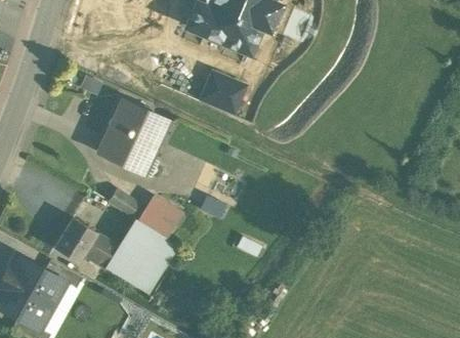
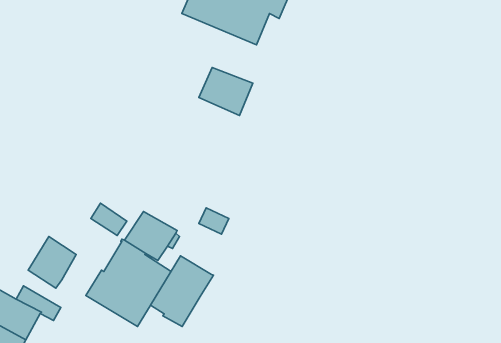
building: [97,100,167,173] -> none
building: [84,234,118,268] -> none
building: none -> [151,256,213,327]

